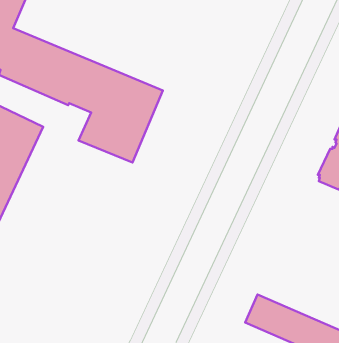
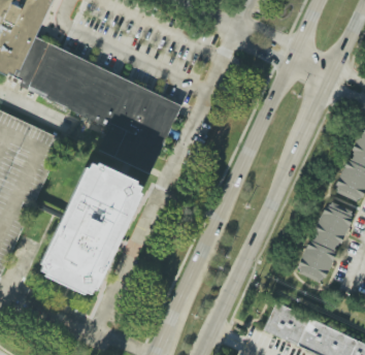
building: none -> [38,161,141,298]
building: none -> [297,198,352,280]

